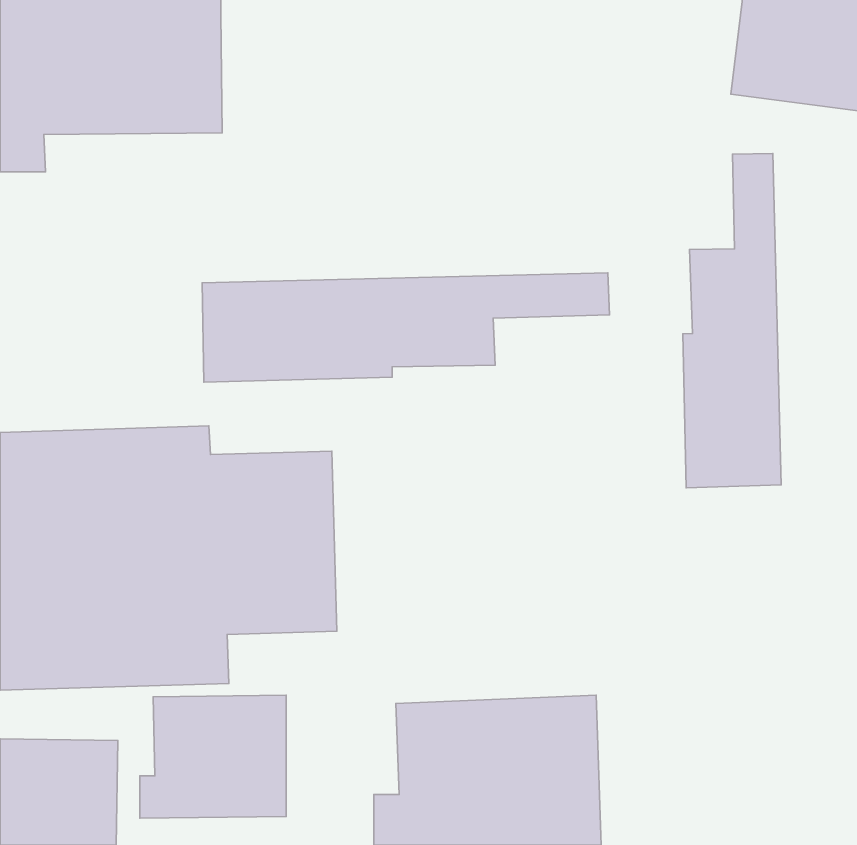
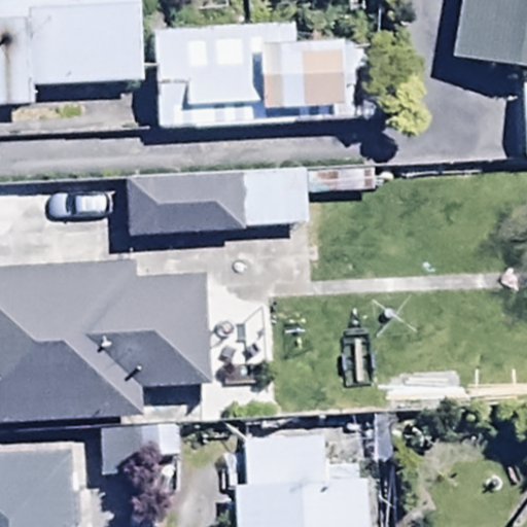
building: none -> [153,22,352,126]
building: [683,154,781,488] -> none

